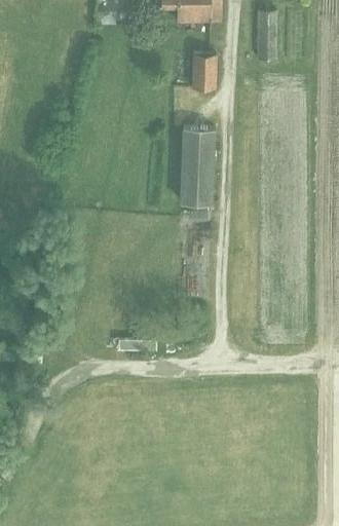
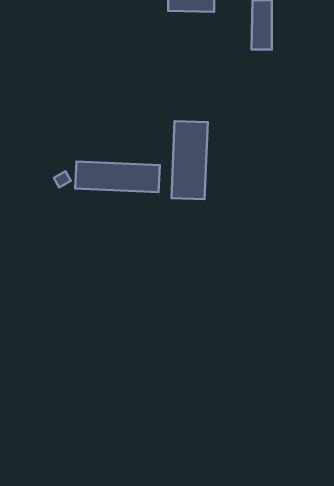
building: [192,52,216,88] -> none
building: none -> [75,162,160,192]

